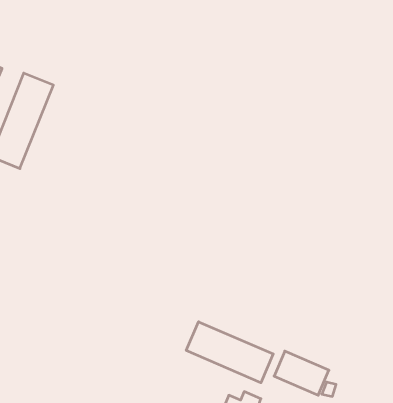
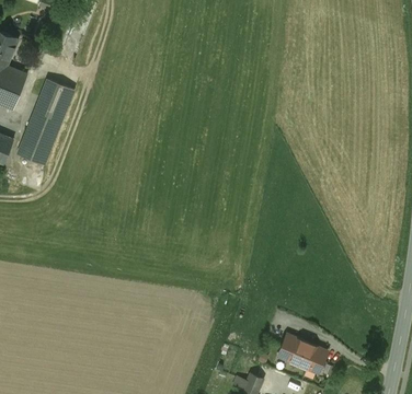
building: [186,322,273,383] -> none

